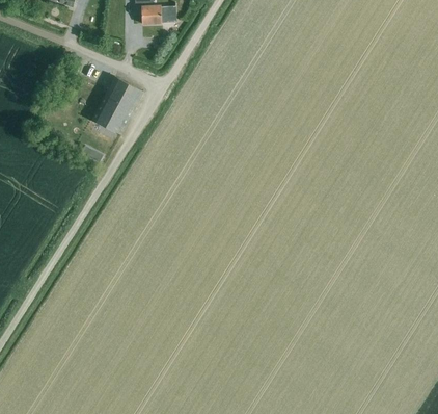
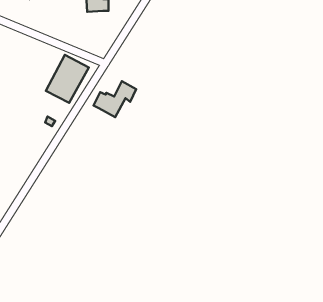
building: none -> [94,81,136,117]

